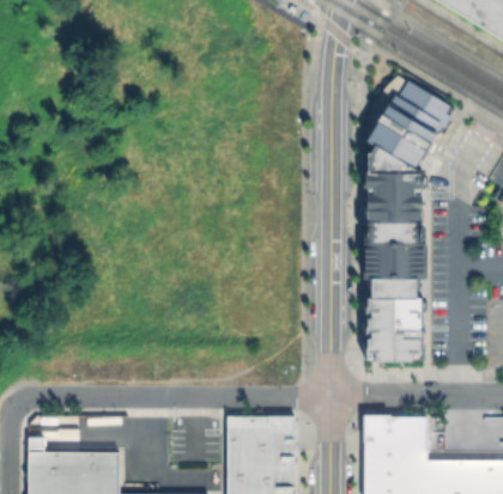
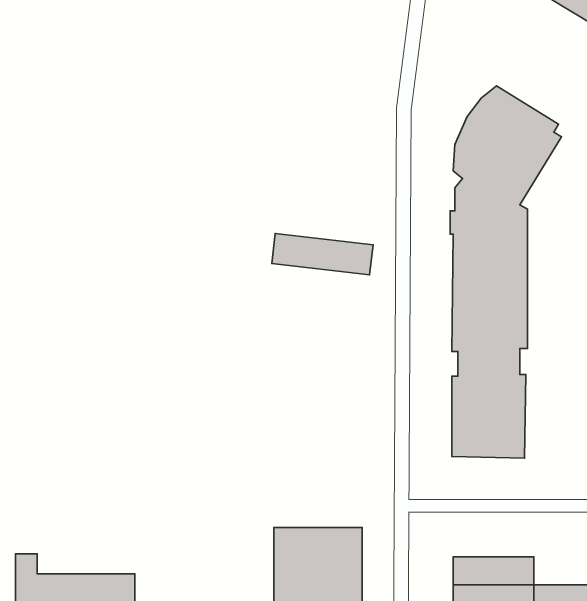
building: none -> [272,234,373,275]
building: [366,416,429,438] -> none

